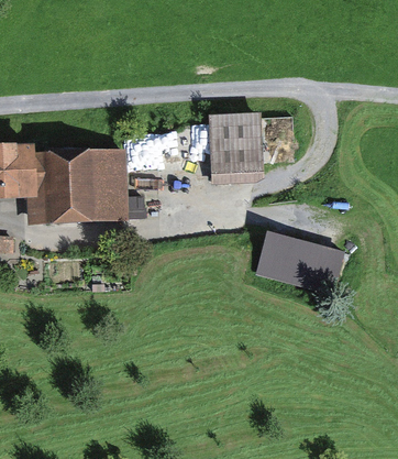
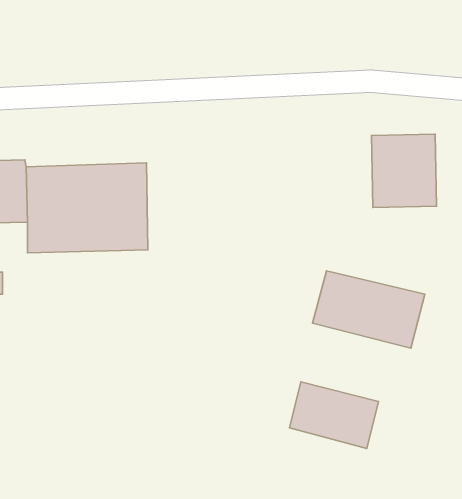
building: [209,116,261,174] -> [371,134,437,207]
building: none -> [290,382,379,448]

